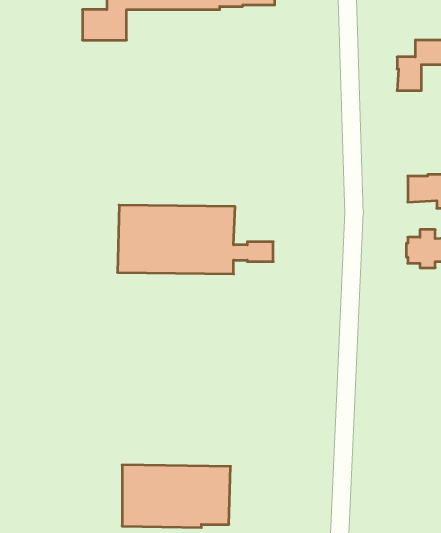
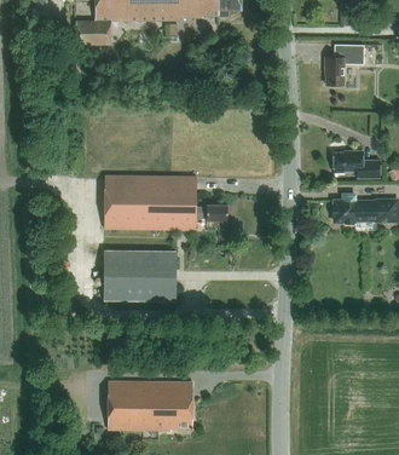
building: none -> [103,250,177,299]

